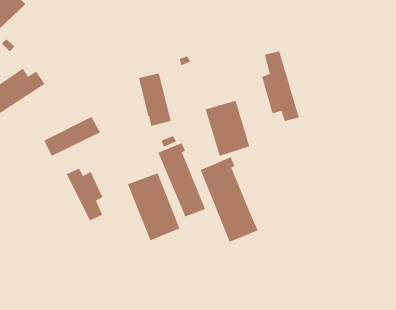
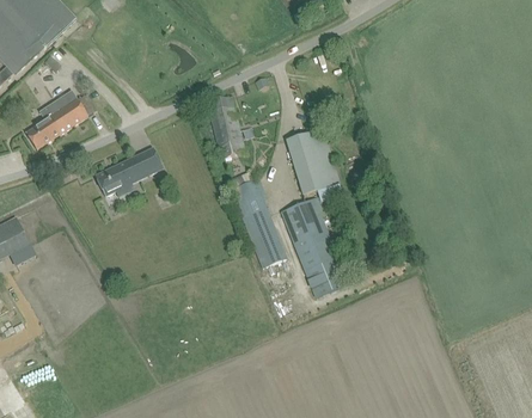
building: [262,50,300,122] -> none
building: [66,168,103,221] -> none
building: [127,172,180,241] -> none

